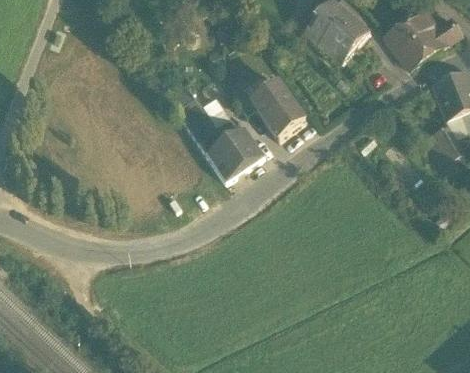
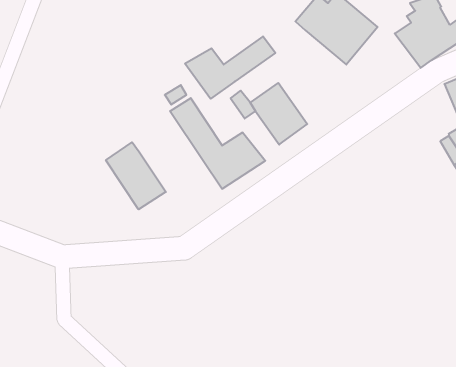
building: none -> [185,36,275,99]
building: none -> [106,142,166,209]

